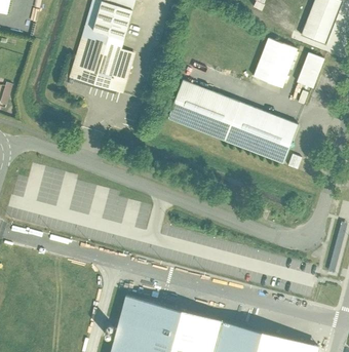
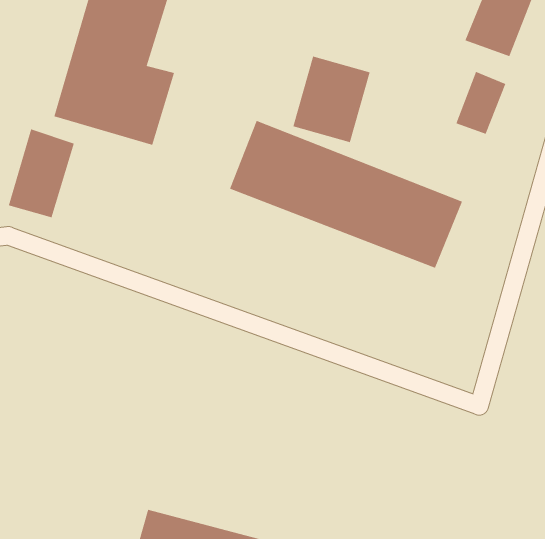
building: [249,38,294,87] -> [293,56,371,143]
building: none -> [8,128,75,218]

